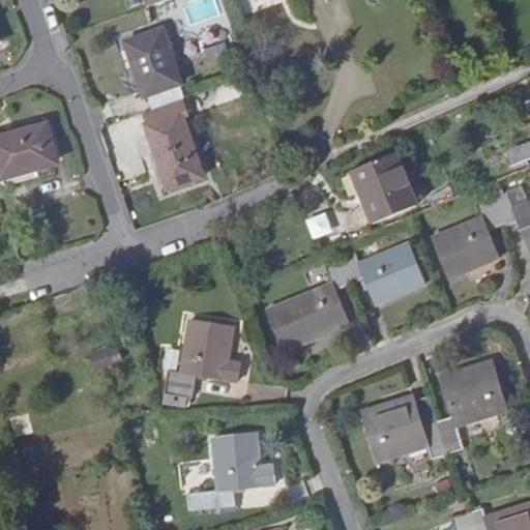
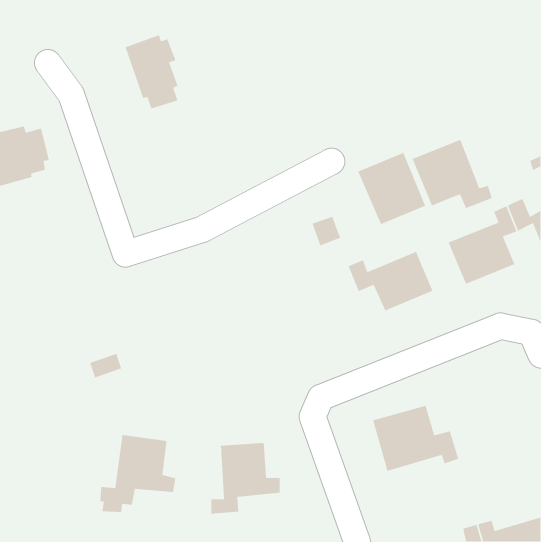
building: [142,116,196,190] -> none
building: none -> [412,139,493,209]
building: [269,259,349,349] -> none
building: [169,326,243,403] -> [99,434,176,513]
building: [439,360,508,447] -> none

